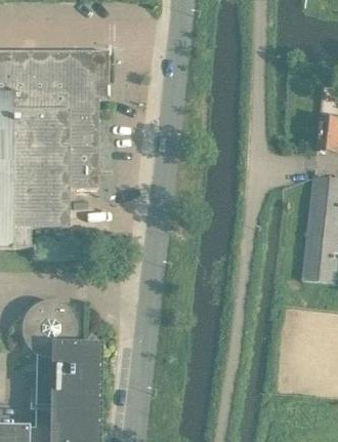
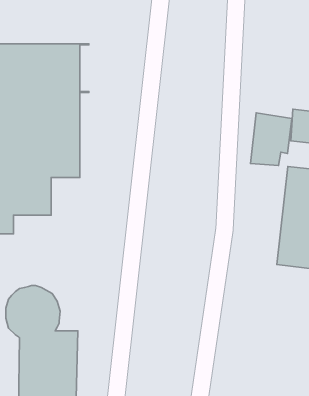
building: none -> [250,113,292,166]

